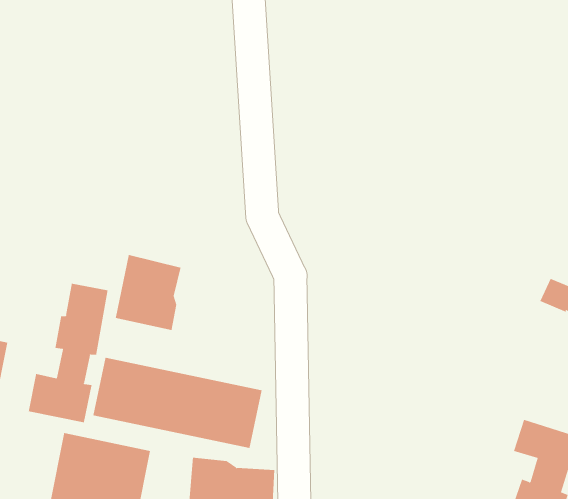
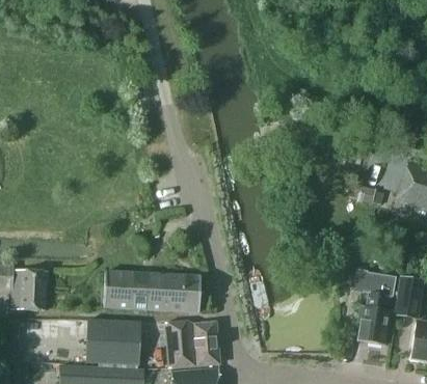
building: [115,254,181,331] -> none
building: [28,283,108,423] -> none

